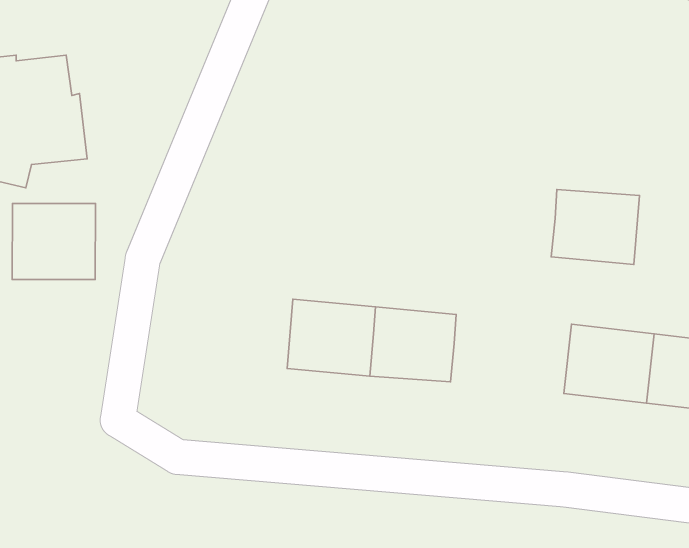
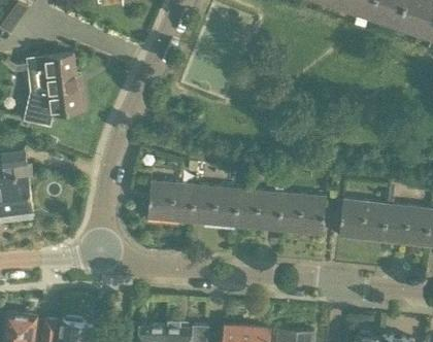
building: [551,190,640,265] -> [278,195,326,235]
building: [12,204,96,279] -> none
building: none -> [146,182,194,224]

